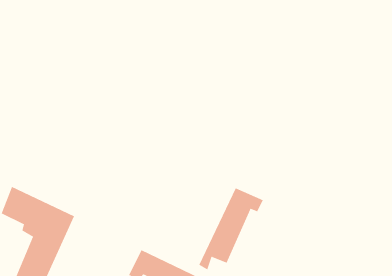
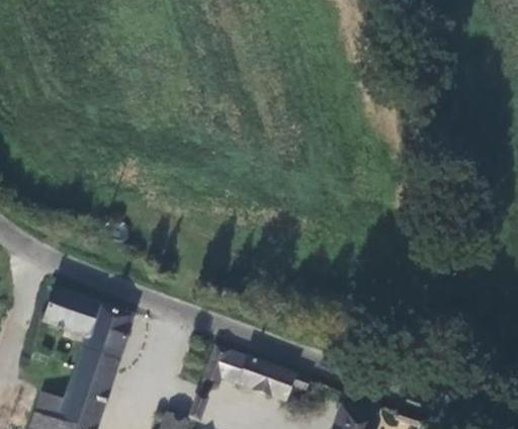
building: [198,187,264,270] -> none

